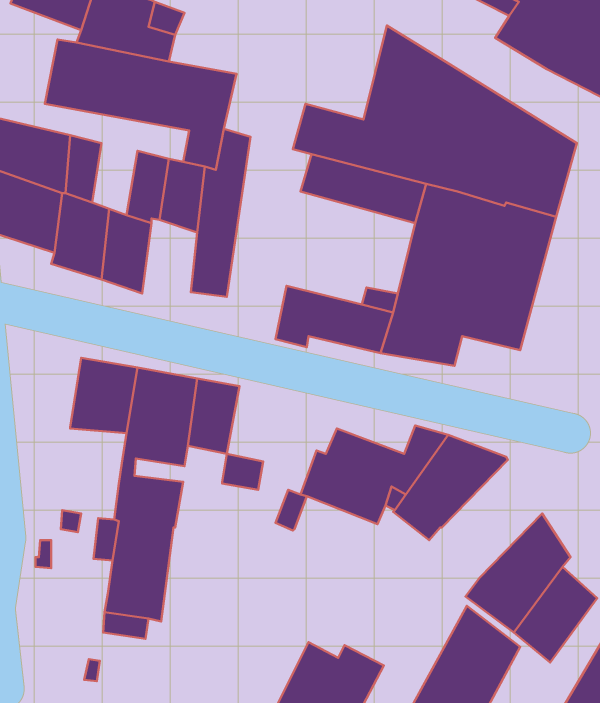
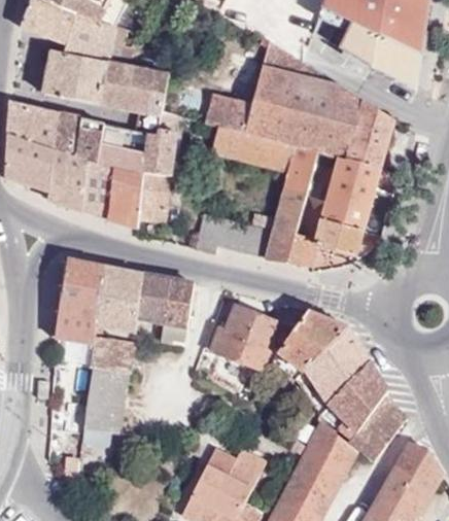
building: none -> [74,118,104,166]
building: none -> [107,168,143,227]
building: none -> [163,278,194,327]
building: none -> [56,306,97,342]
building: none -> [296,326,370,416]

